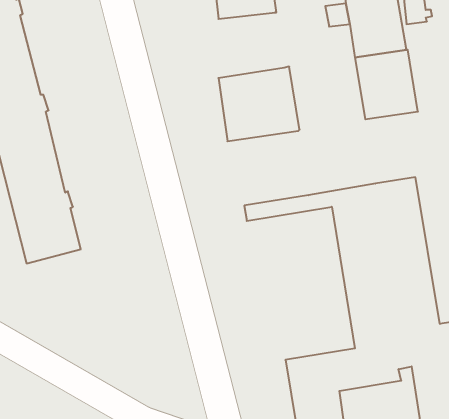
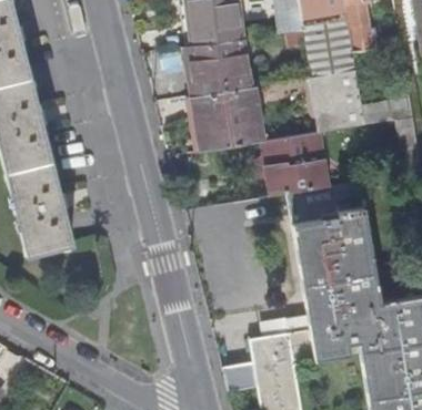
building: none -> [181,39,249,95]
building: none -> [261,131,328,196]

